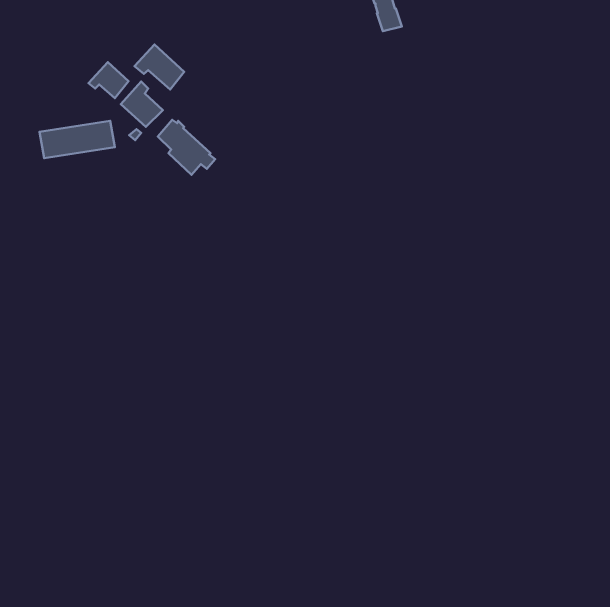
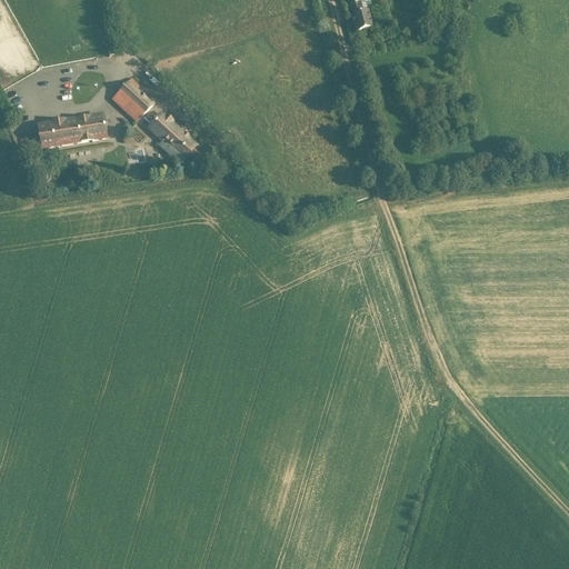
building: [135,45,184,89] -> none
building: [89,62,129,98] -> none

